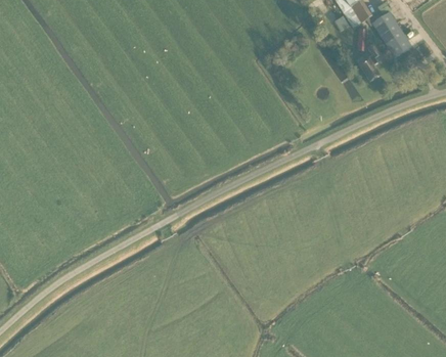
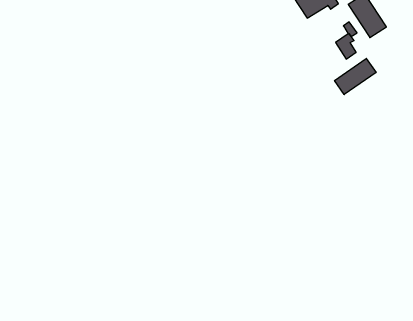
building: none -> [335,58,376,95]

